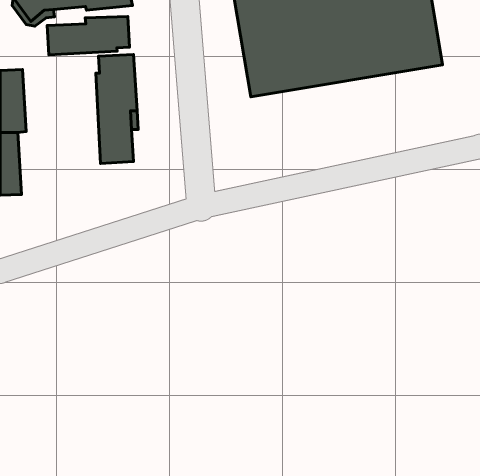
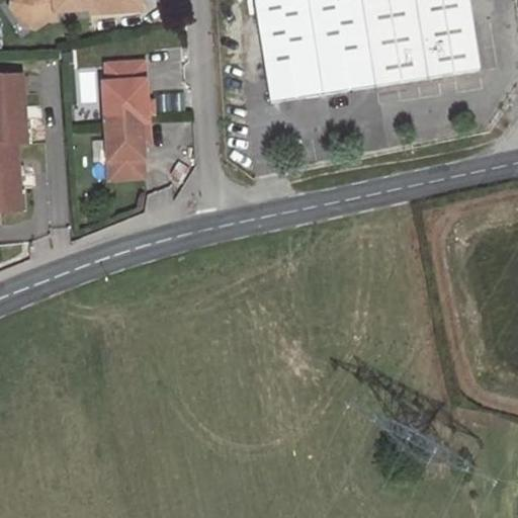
building: [47,16,130,55] -> none

